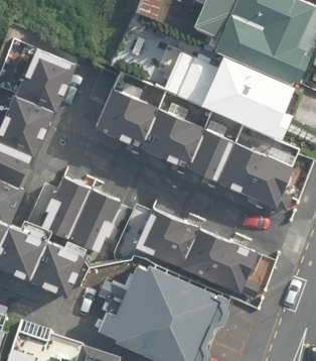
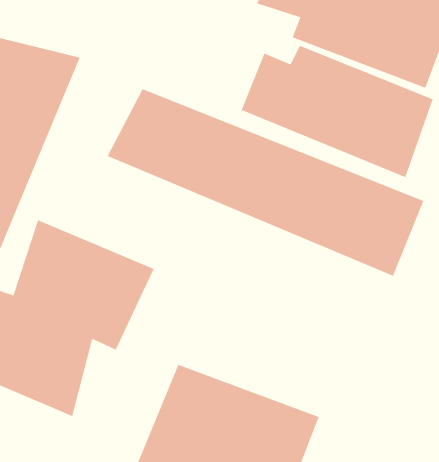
building: [135,210,260,297] -> none

